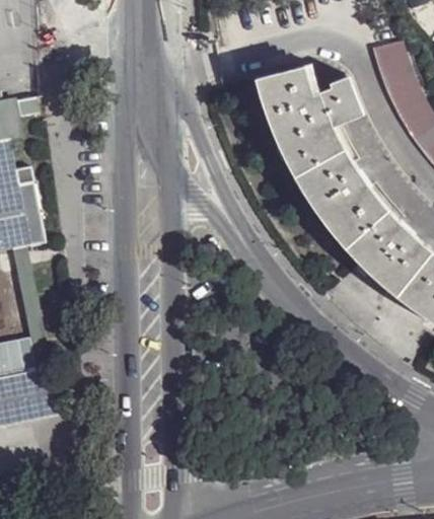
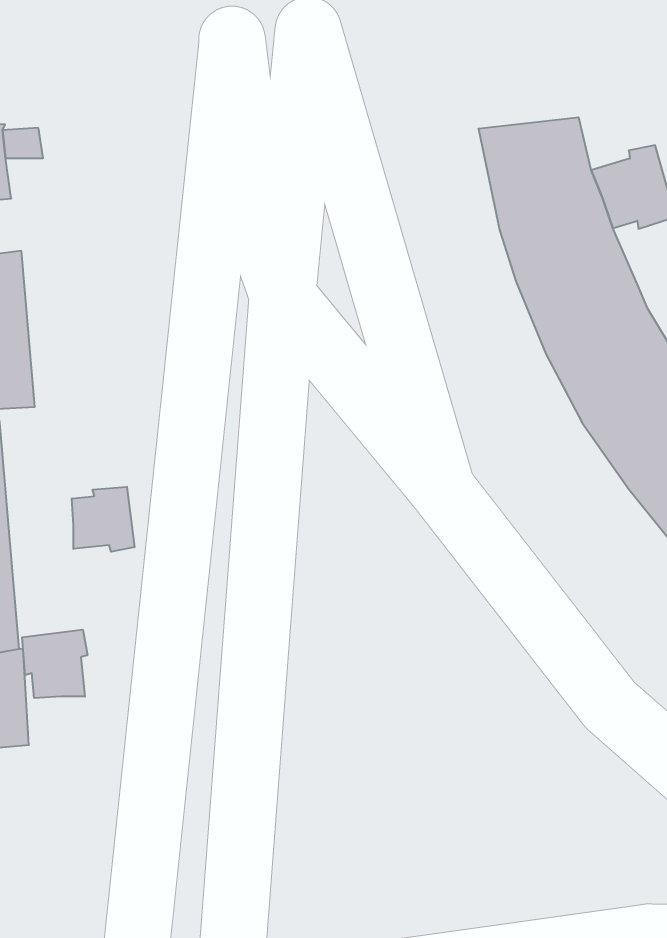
building: none -> [72,487,134,552]
building: none -> [22,630,87,698]

